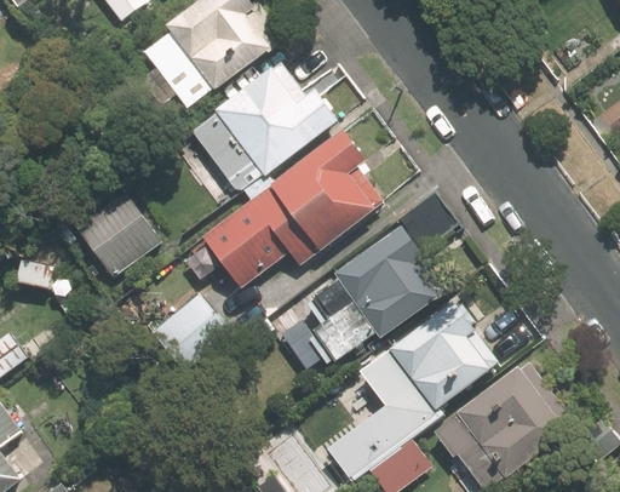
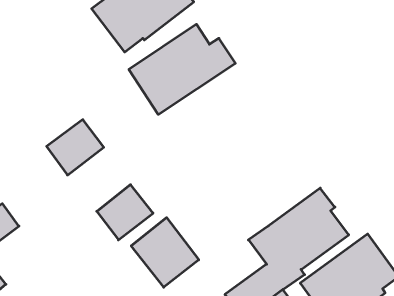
building: [201,128,383,285] -> none
building: [303,224,438,364] -> none
building: none -> [131,218,199,287]

